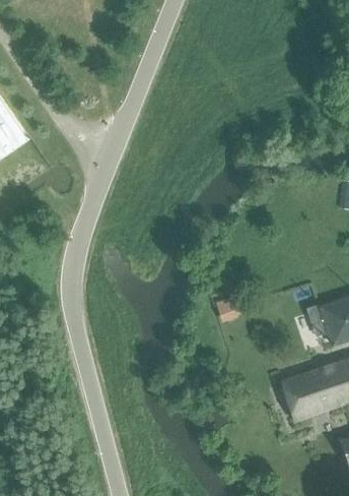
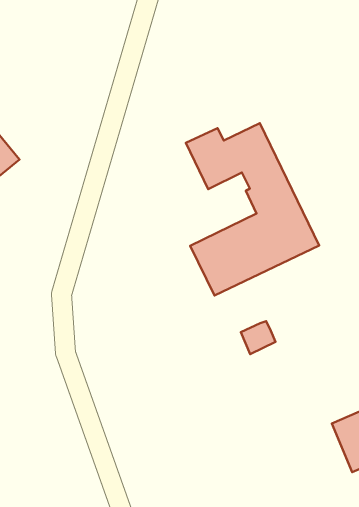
building: none -> [186,123,319,296]

